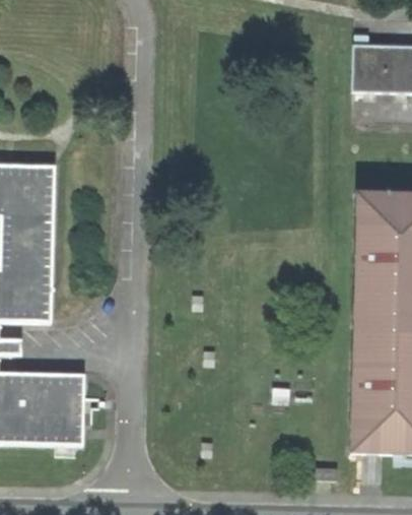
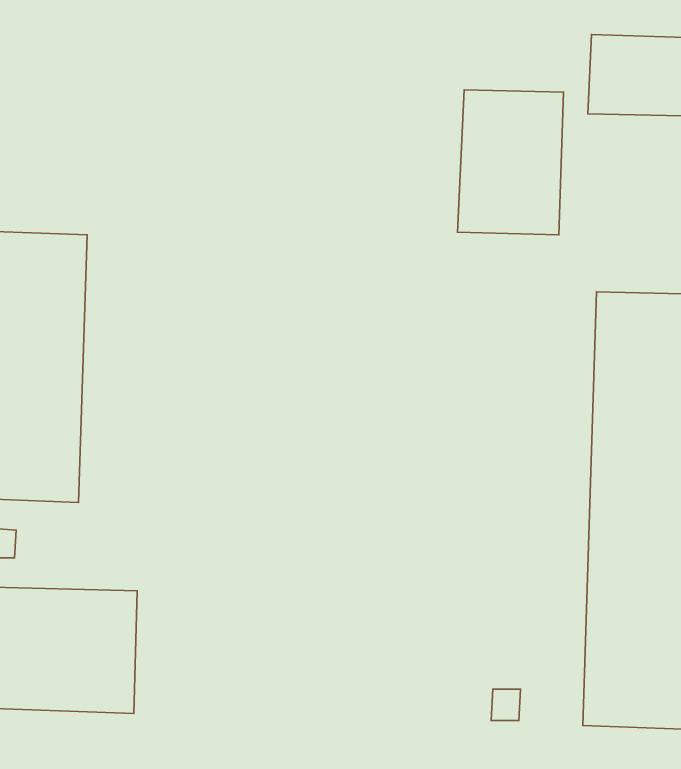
building: none -> [457,90,563,235]

